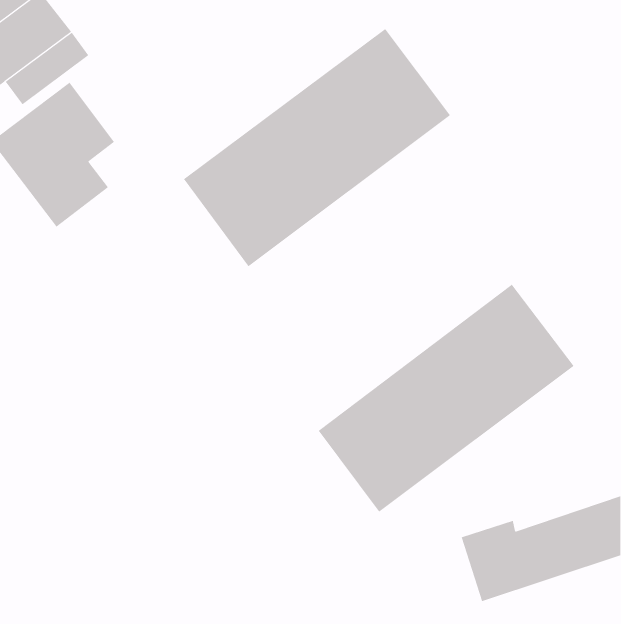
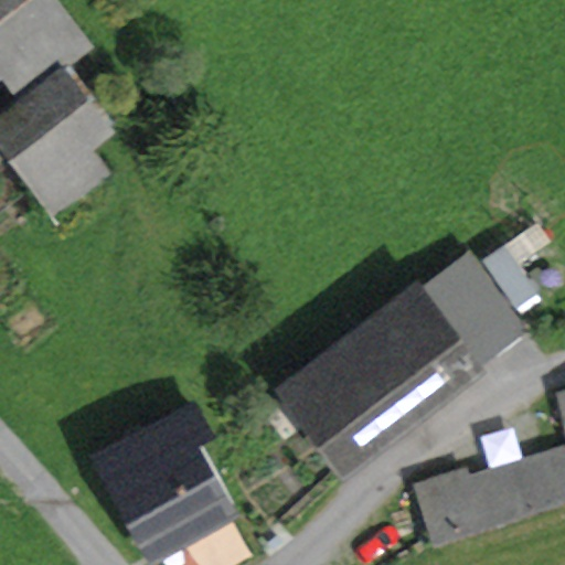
building: [183,28,451,267] -> none
building: none -> [97,417,231,550]

